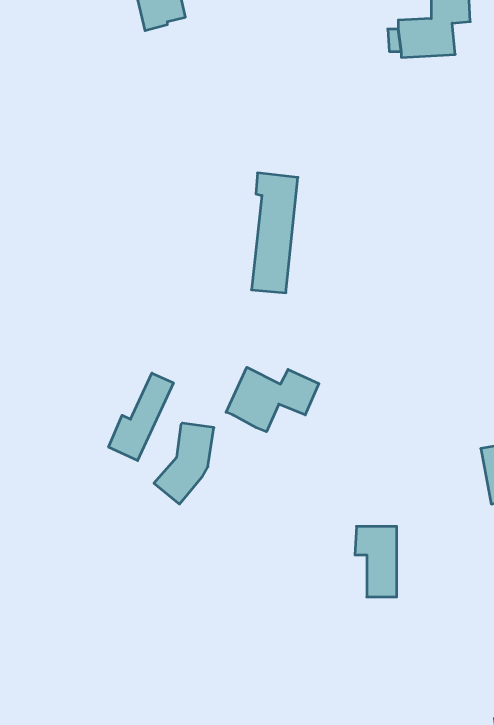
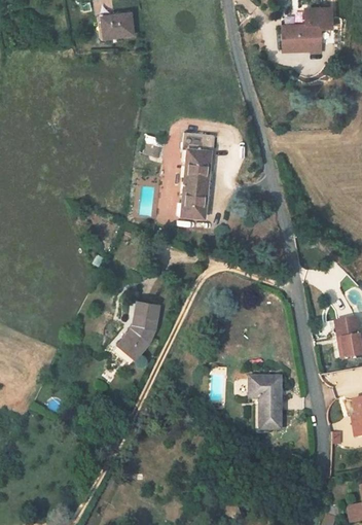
building: [226,367,319,432] -> none
building: [109,373,173,461] -> none

